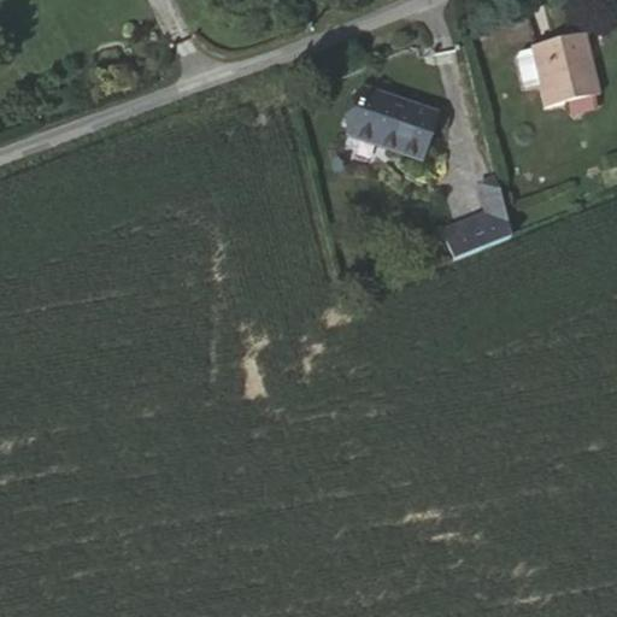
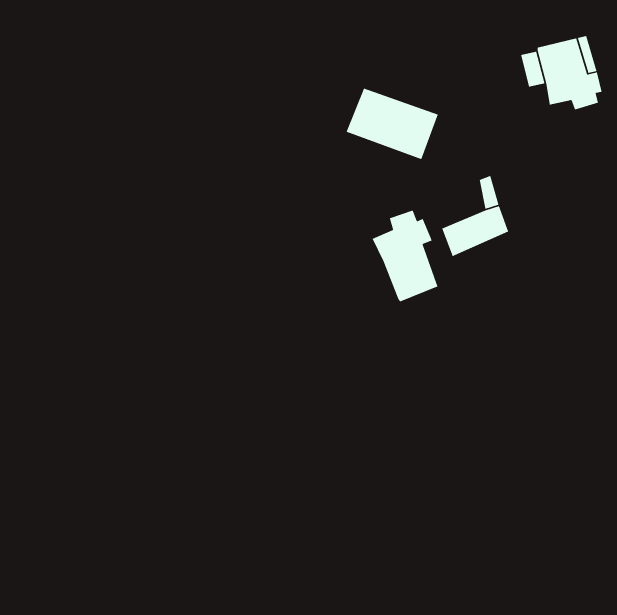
building: none -> [371,210,438,303]

